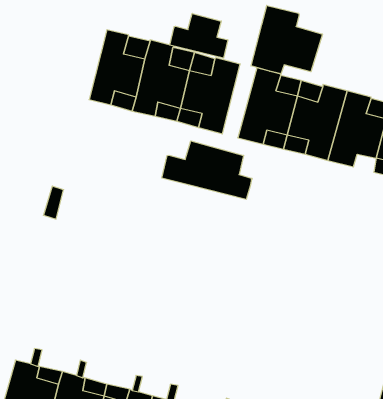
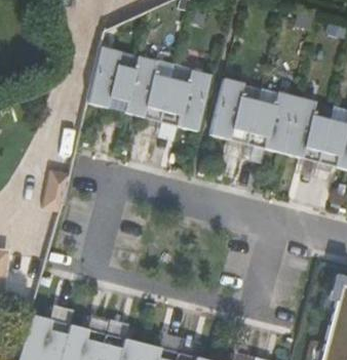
building: [251,5,322,74] -> none
building: [170,13,228,58] -> none
building: [162,141,252,199] -> none

